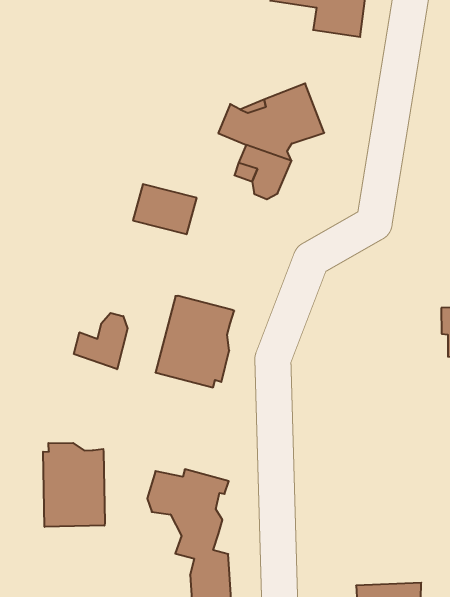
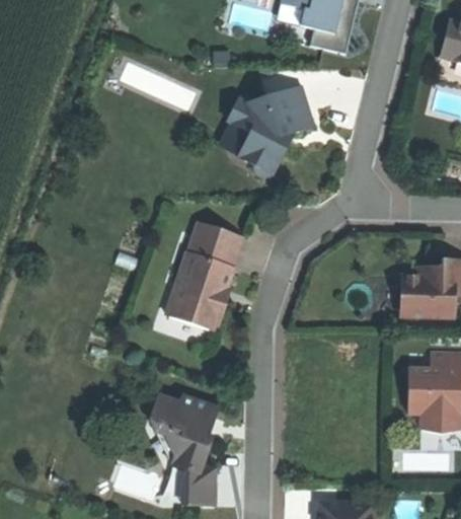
building: [133,184,197,234] -> [186,223,240,267]
building: [74,313,128,369] -> none
building: [43,443,105,527] -> none

